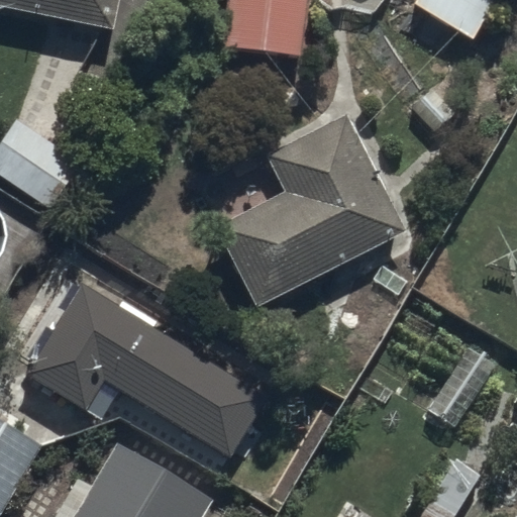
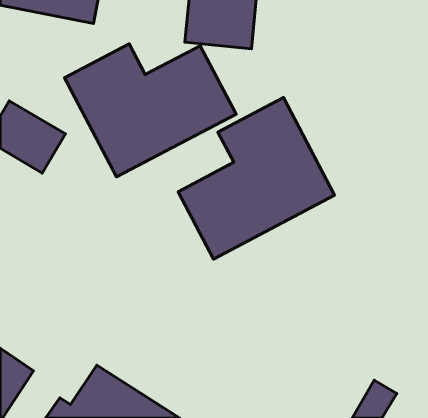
building: none -> [64,44,236,177]
building: [22,285,267,458] -> none

